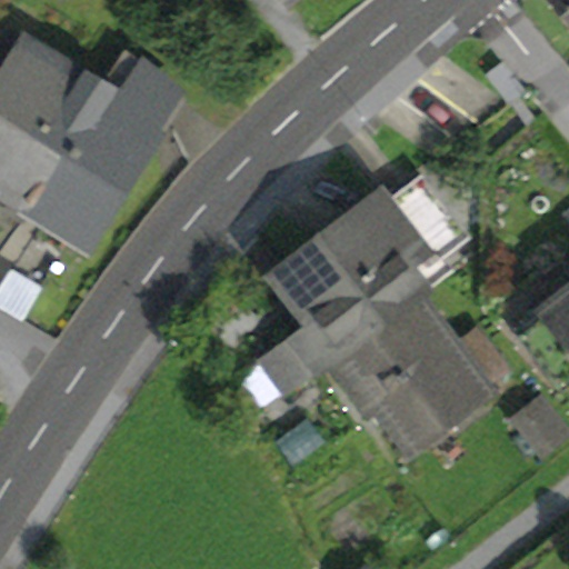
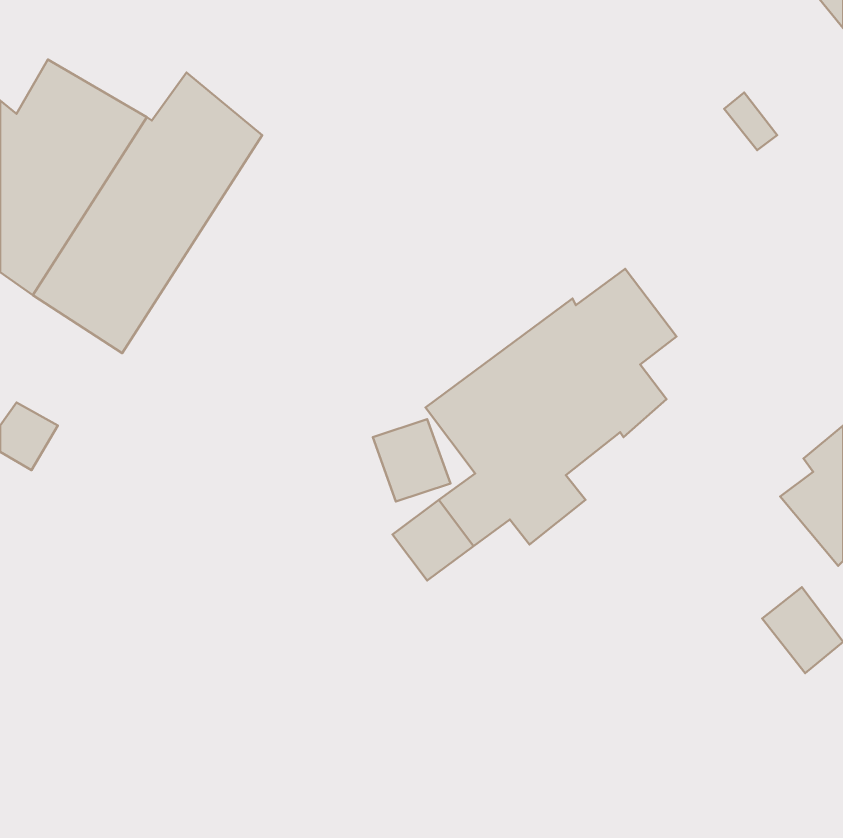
building: [342,291,506,443] -> none

